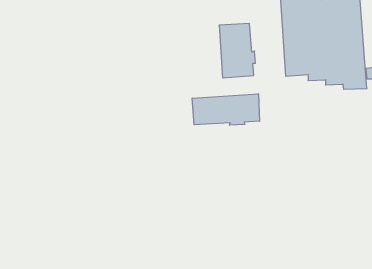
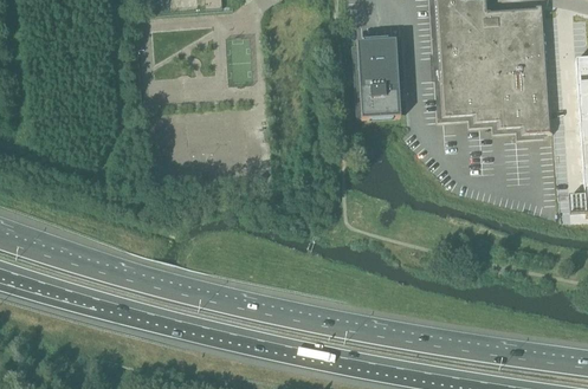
building: [192,94,260,125] -> none

